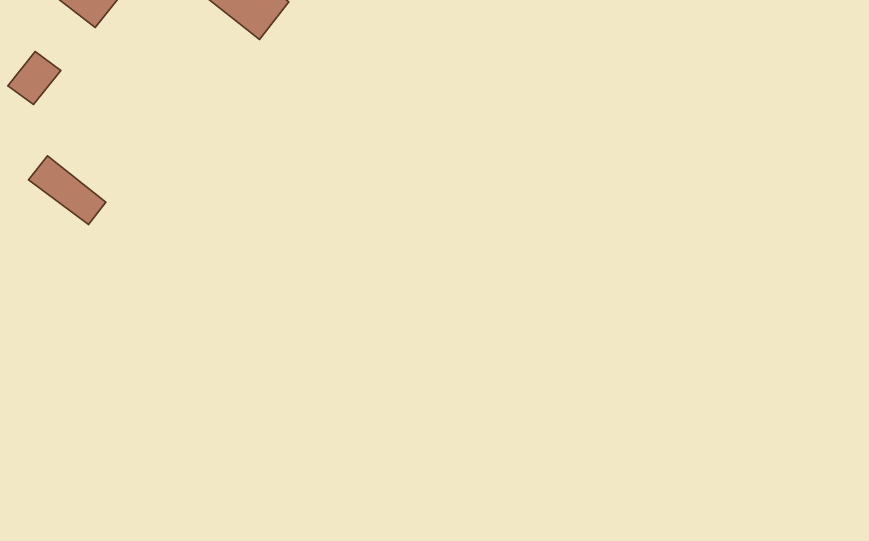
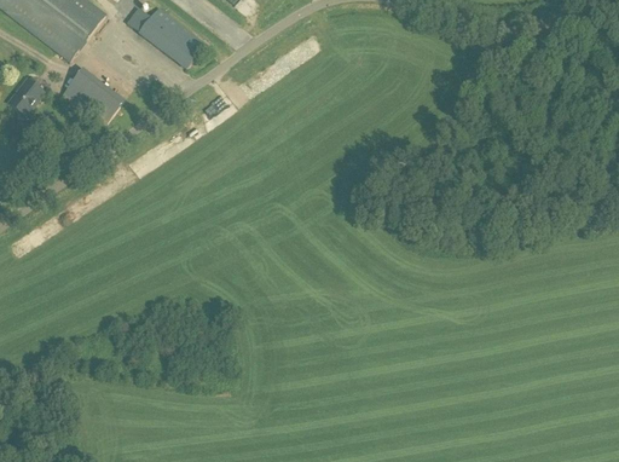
building: [29,156,106,224] -> [63,73,117,121]

